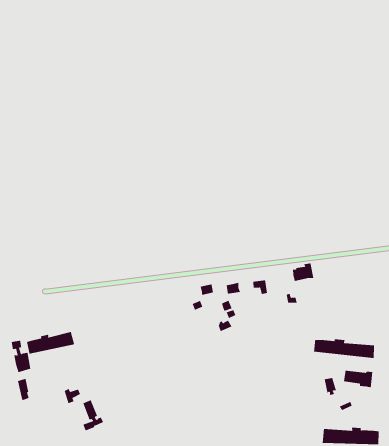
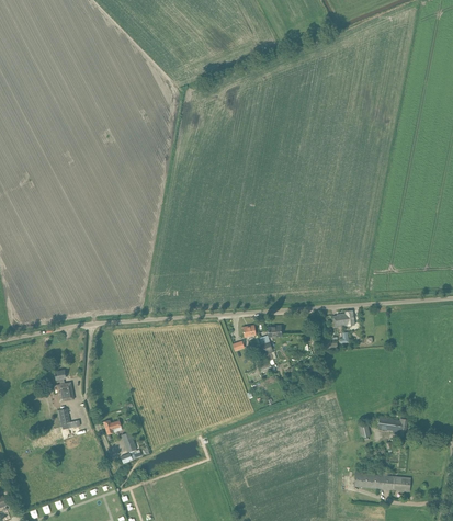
building: [26,331,75,354] -> none
building: [314,338,375,359] -> none

